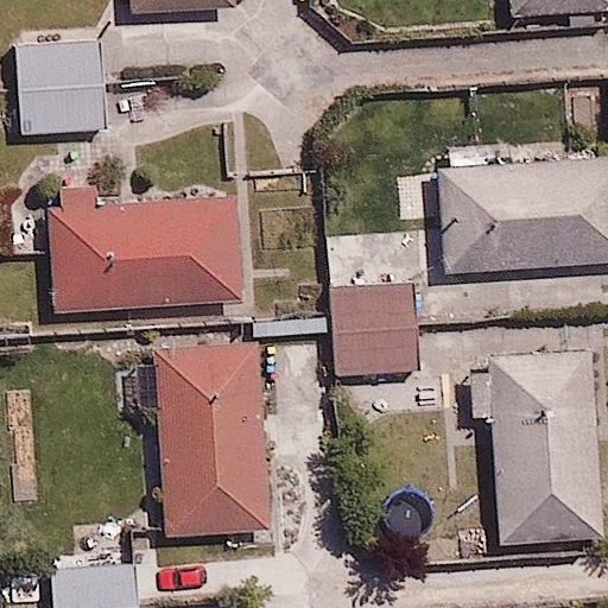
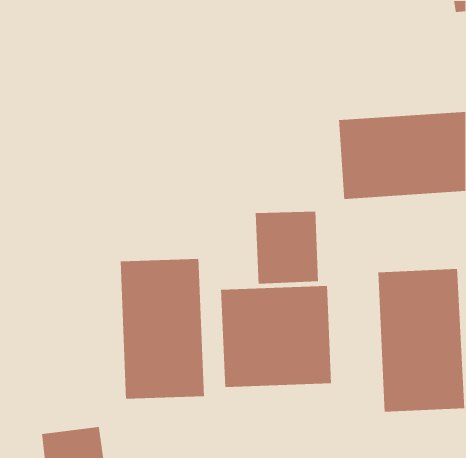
building: [14,36,102,128] -> none
building: [52,200,240,309] -> none
building: none -> [220,285,332,388]

